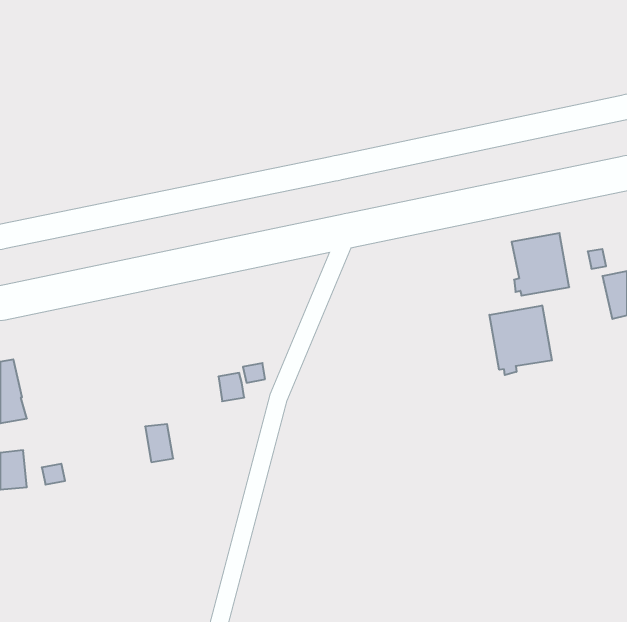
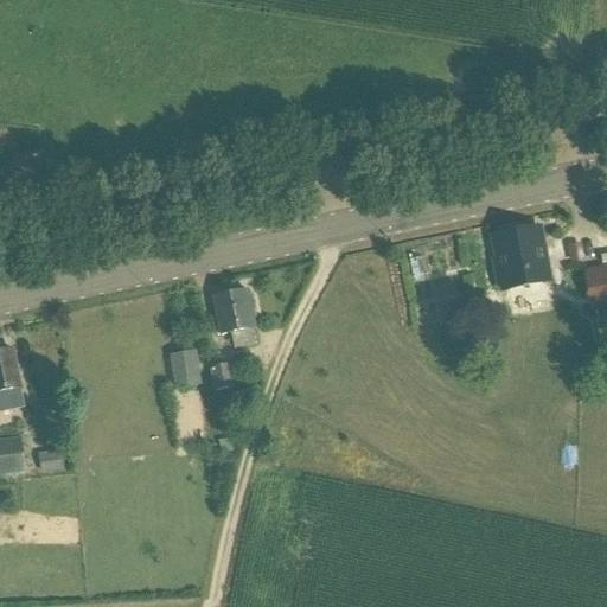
building: none -> [215,288,258,345]
building: [489,305,552,375] -> none
building: [145,424,173,462] -> [173,347,200,384]

